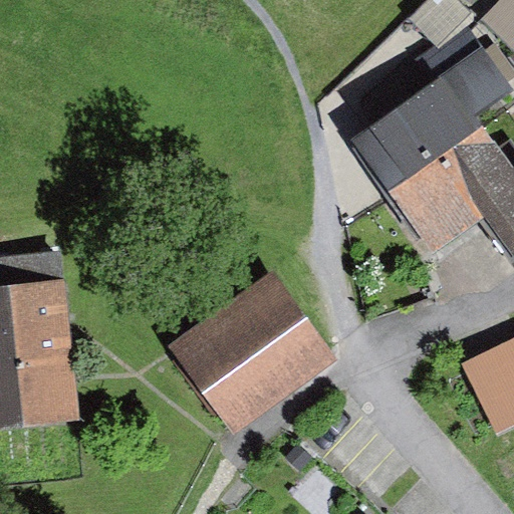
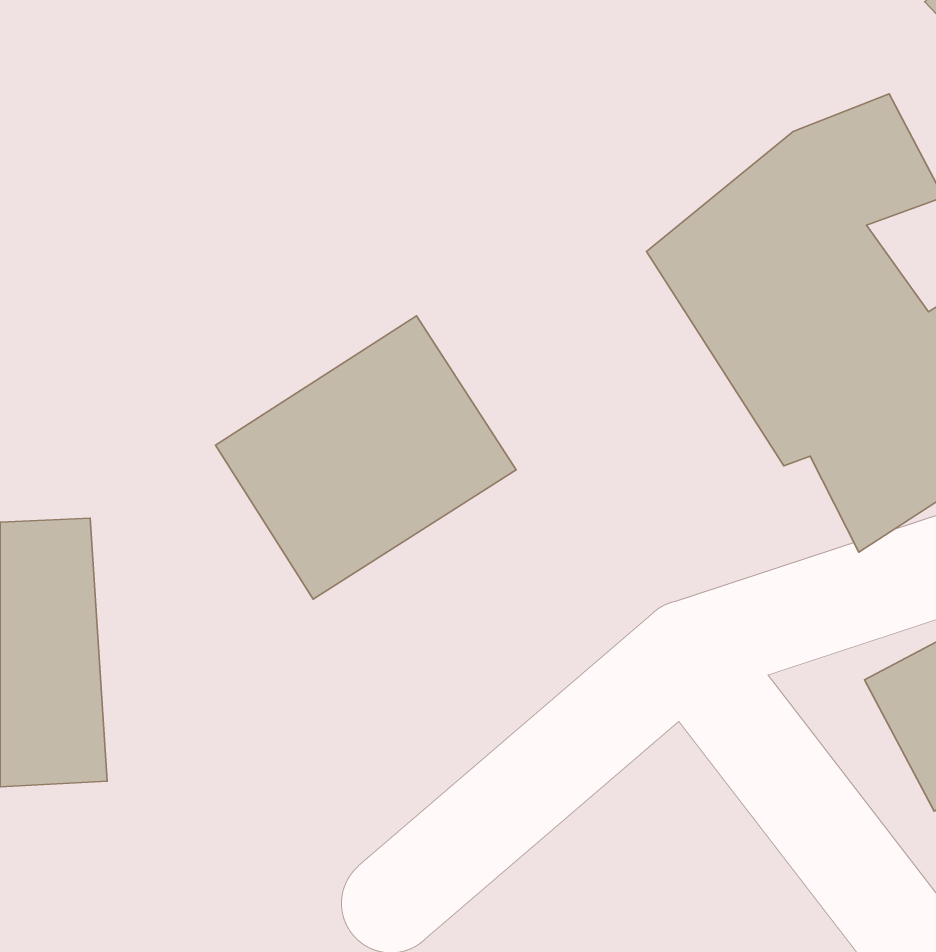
building: [169,276,329,428] -> [216,316,516,599]

